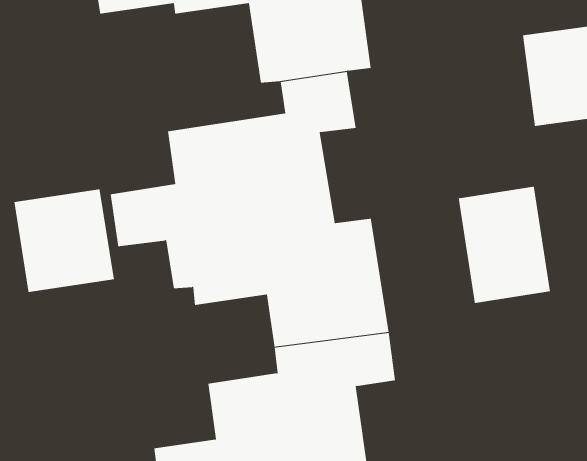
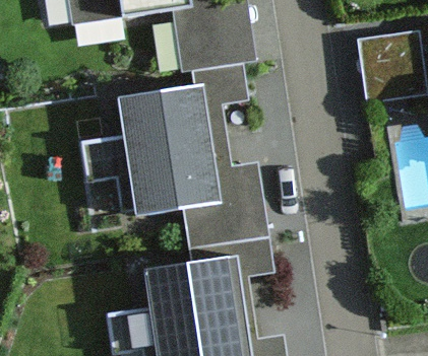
building: [458,186,550,304] -> none
building: [14,188,114,293] -> none

